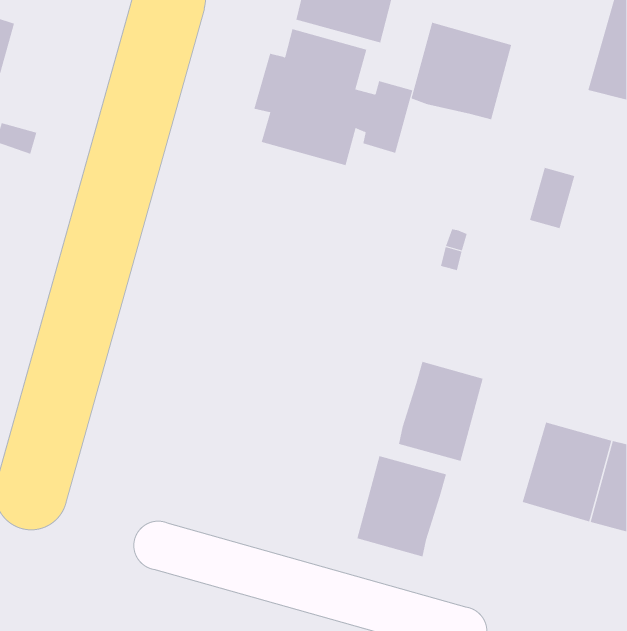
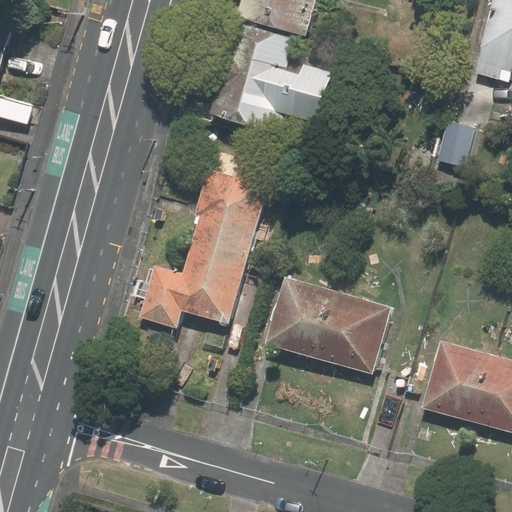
building: [411,22,512,120] -> none
building: none -> [139,169,267,327]
building: [356,456,447,557] -> [268,277,341,359]

